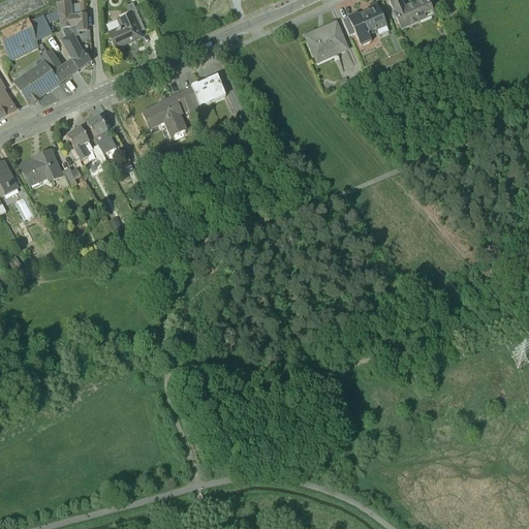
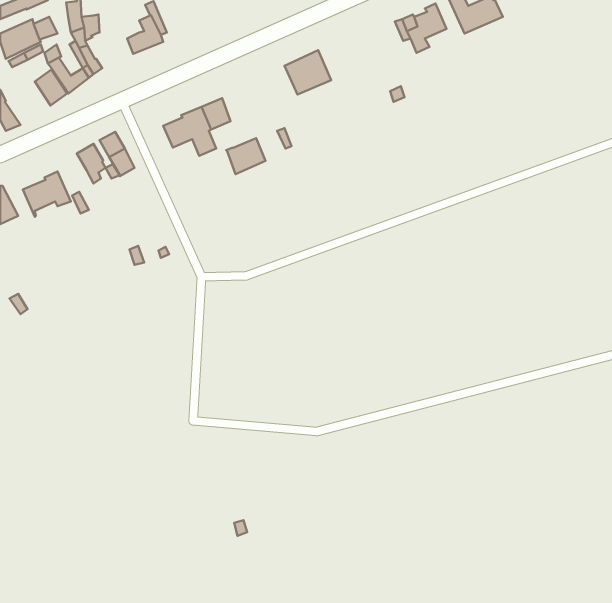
building: [306,22,346,60] -> [284,50,331,94]
building: [15,70,44,101] -> none
building: [191,73,225,104] -> [226,138,266,174]

